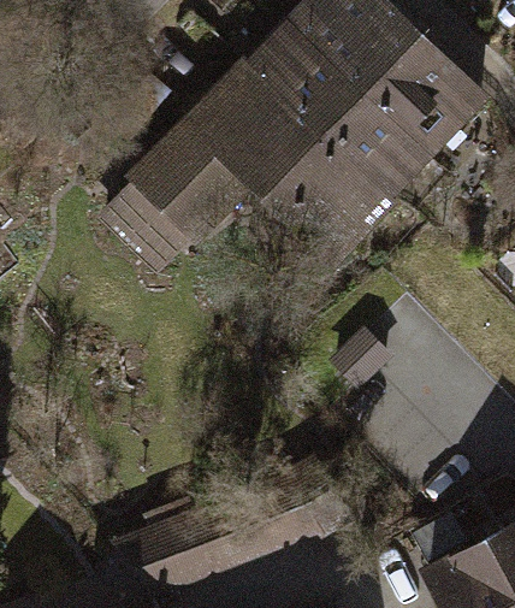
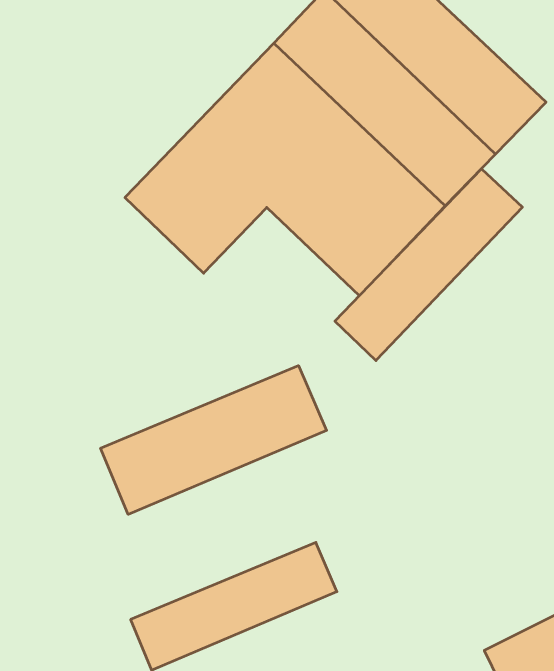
building: none -> [335,169,522,361]
building: none -> [101,366,327,514]

